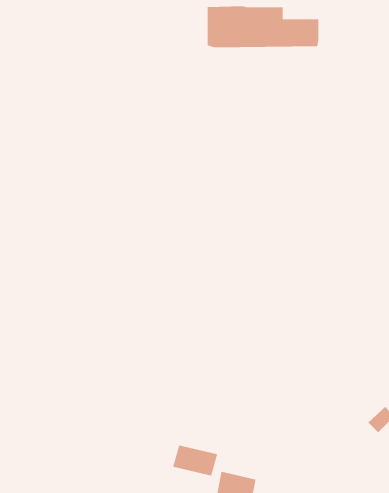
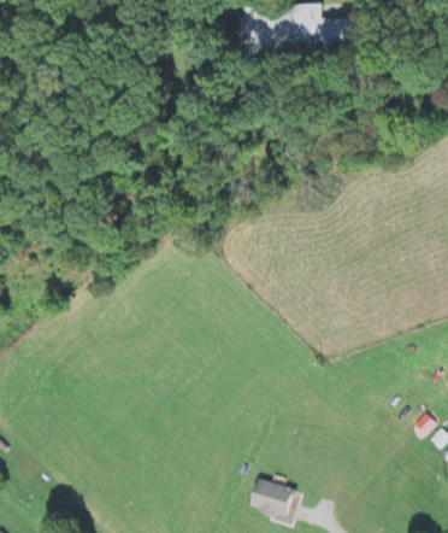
building: [172,445,218,476] -> none

